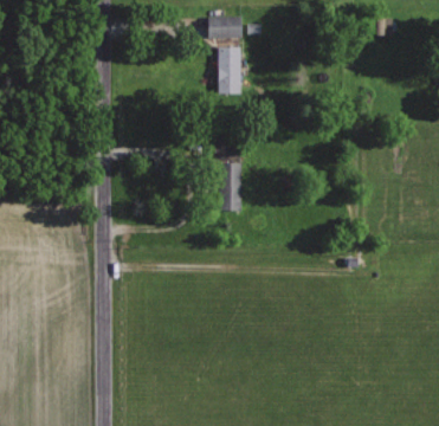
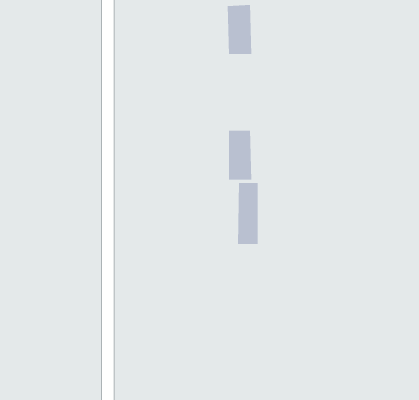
building: none -> [237,182,258,245]

